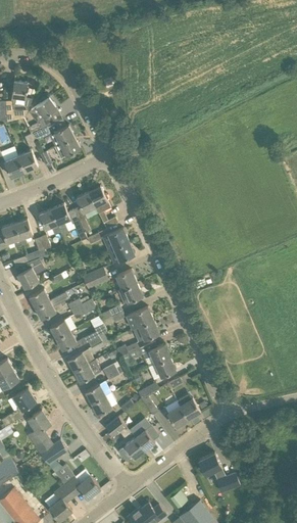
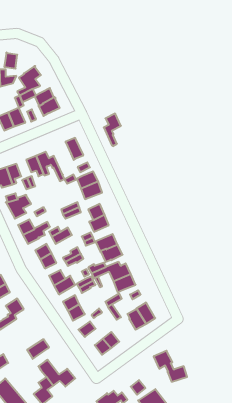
building: [73,192,95,233] -> [104,114,121,146]
building: [28,411,52,453] -> none

